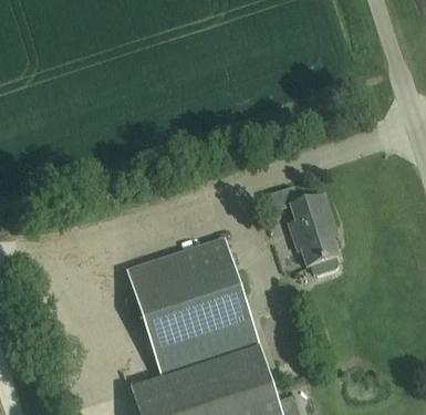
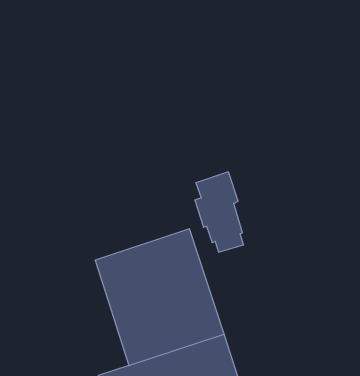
building: [289,190,339,272] -> [195,172,244,252]

